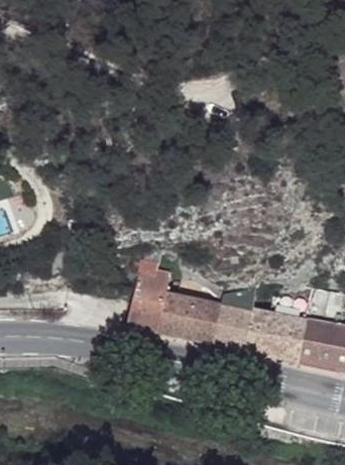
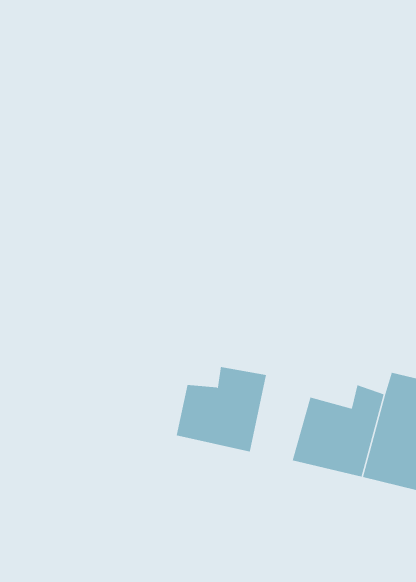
building: [129,246,174,333] -> none
building: [217,288,261,351] -> none

